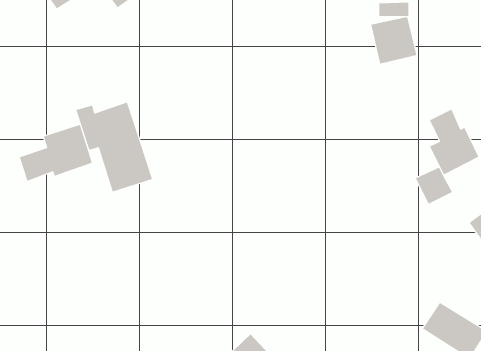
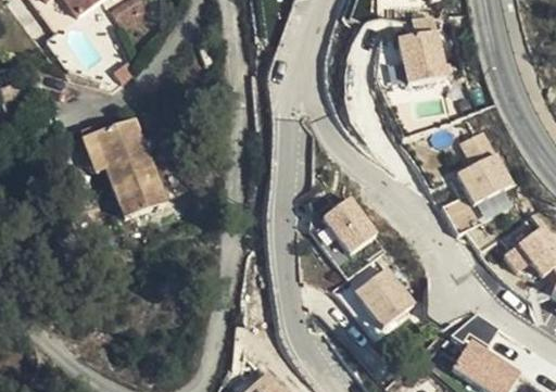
building: [19,124,93,181] -> none
building: none -> [323,198,378,254]
building: none -> [355,267,415,327]

